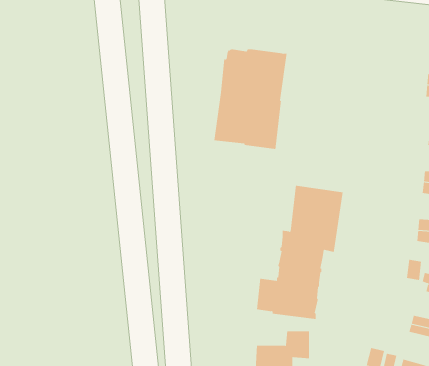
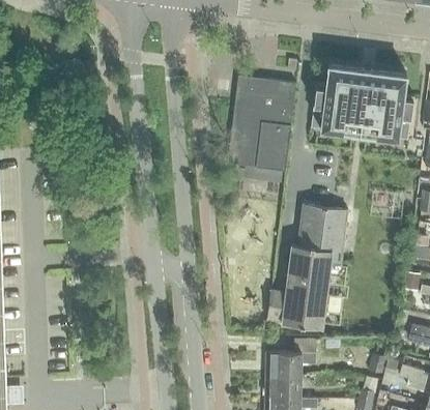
building: none -> [311,65,412,141]

